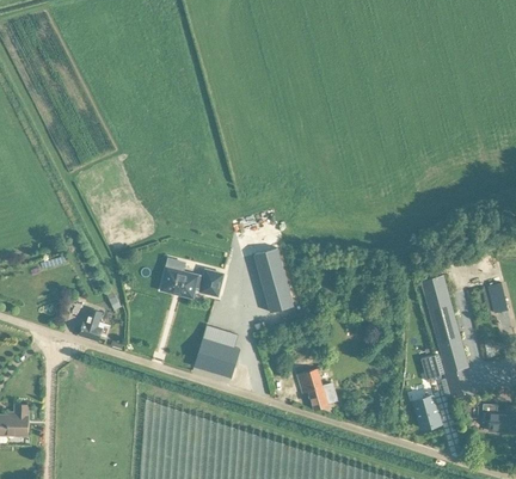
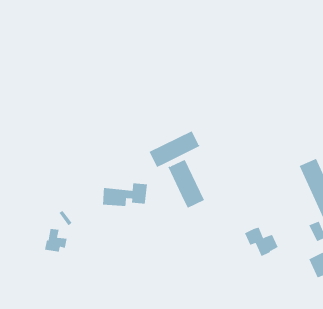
building: none -> [149,131,201,168]
building: [195,336,239,376] -> none
building: [297,369,338,407] -> [244,227,278,257]

